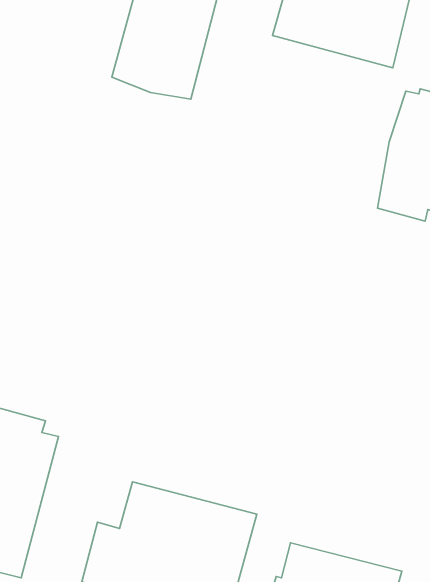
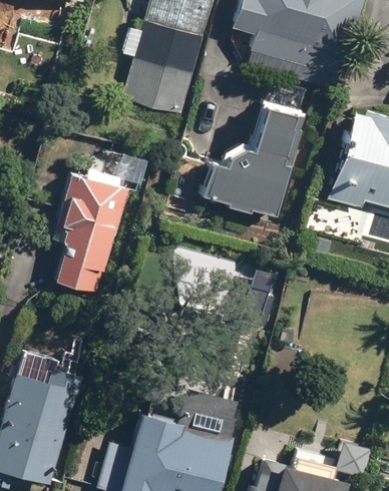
building: none -> [200,104,292,216]
building: none -> [54,170,129,295]

